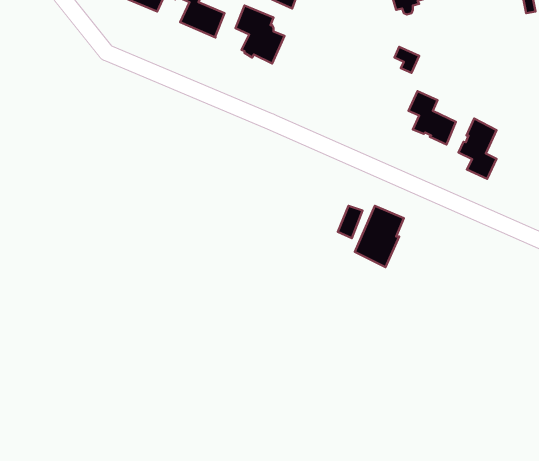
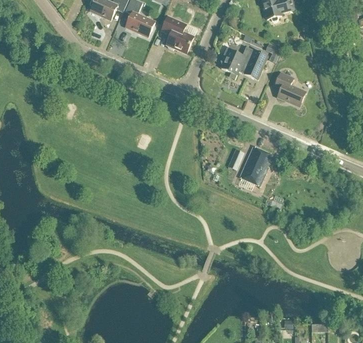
building: none -> [220,45,267,79]
building: [458,118,496,179] -> none

